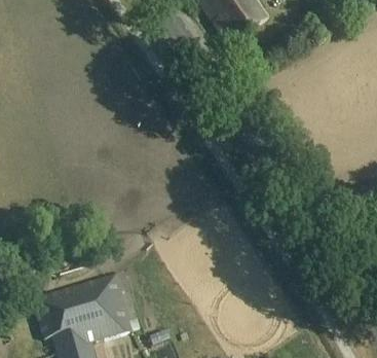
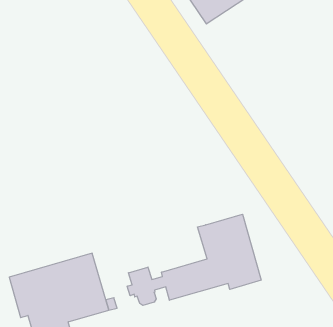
building: none -> [127,214,261,305]

